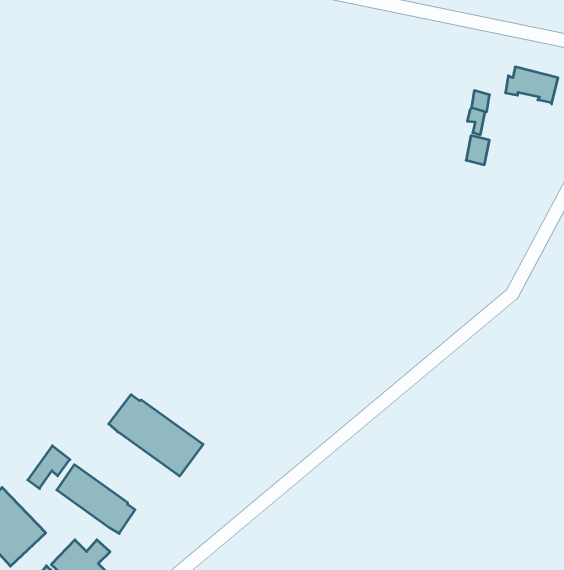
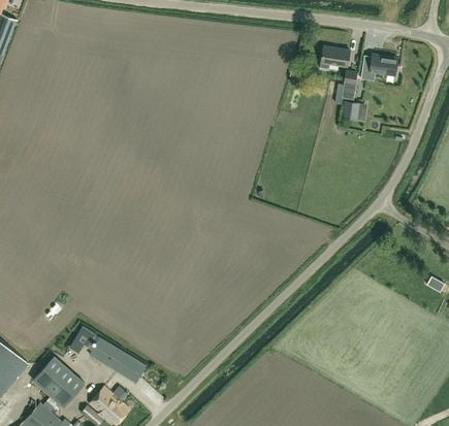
building: none -> [320,45,350,69]
building: [109,395,203,476] -> none

